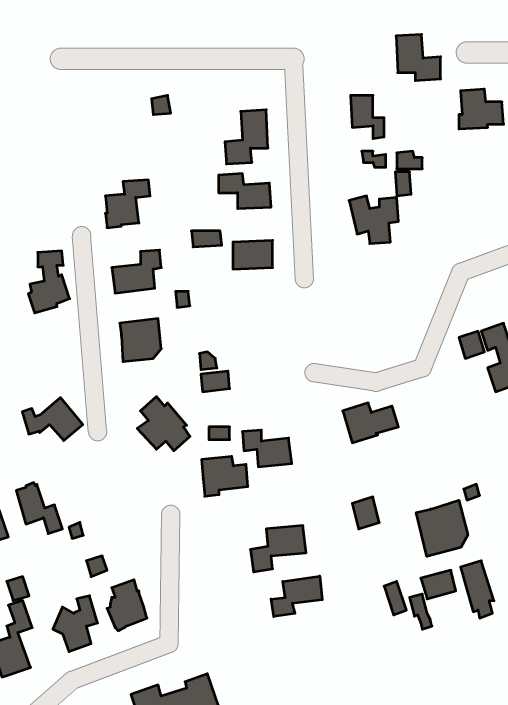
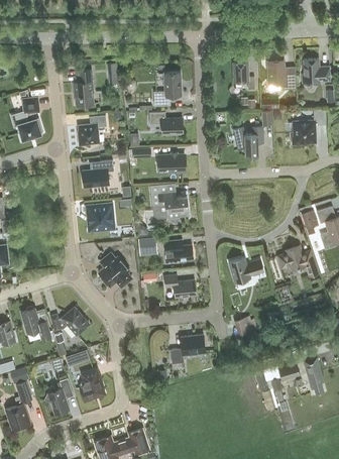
building: [396,34,441,81] -> [267,60,296,89]
building: none -> [73,70,95,105]
building: none -> [292,109,325,144]
building: [28,251,70,313] -> [17,102,43,141]
building: none -> [151,191,188,218]
building: none -> [277,245,314,272]
building: [22,398,83,441] -> [50,307,89,334]
building: [202,456,248,496] -> [163,238,193,263]
building: [416,500,468,556] -> none
building: [271,576,322,617] -> none

